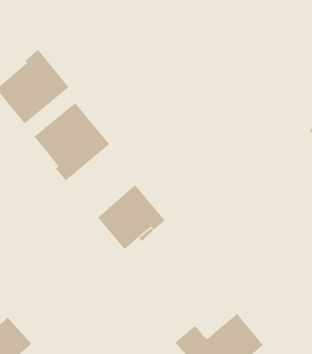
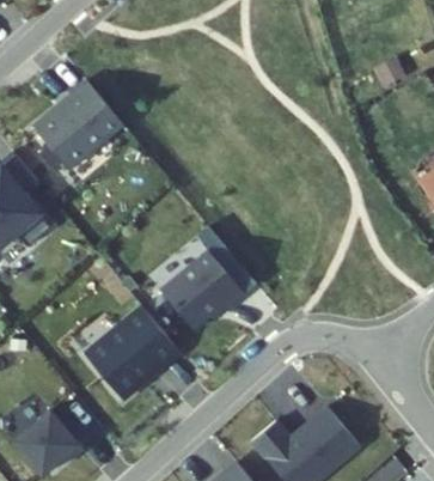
building: [33,102,110,181] -> none
building: none -> [85,309,177,400]

